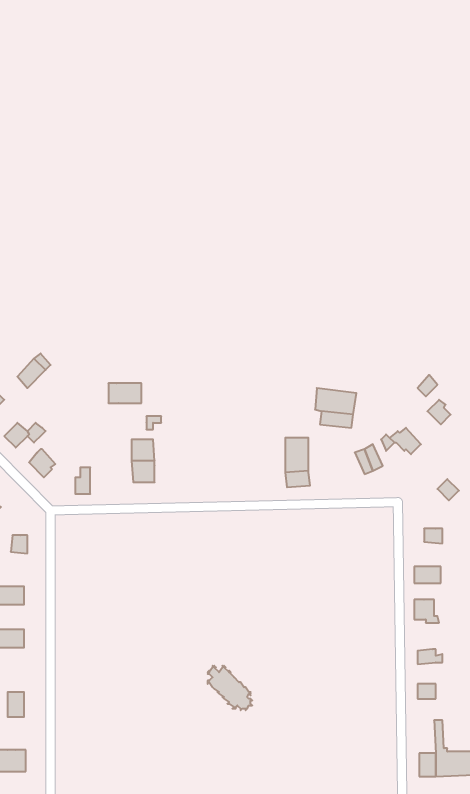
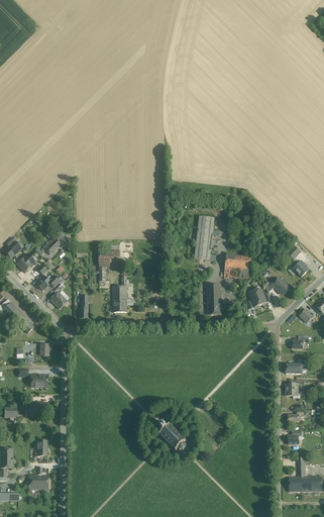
building: none -> [195,215,214,260]

